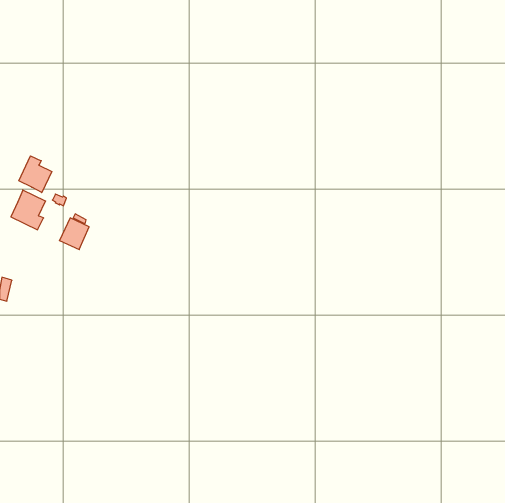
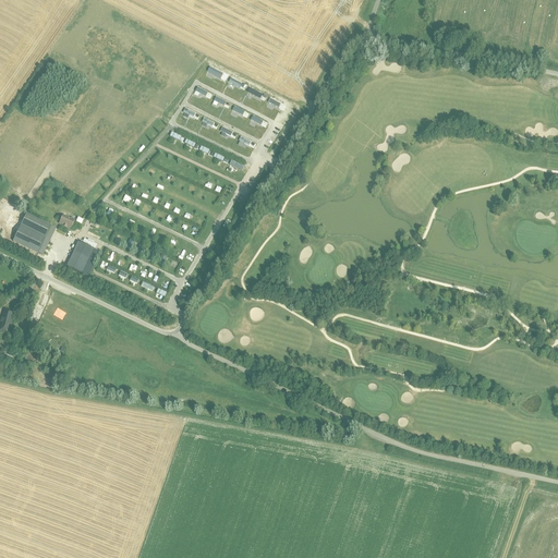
building: [19,156,52,193] -> none

